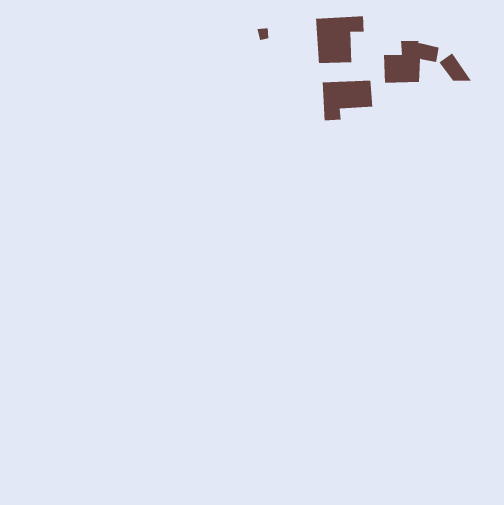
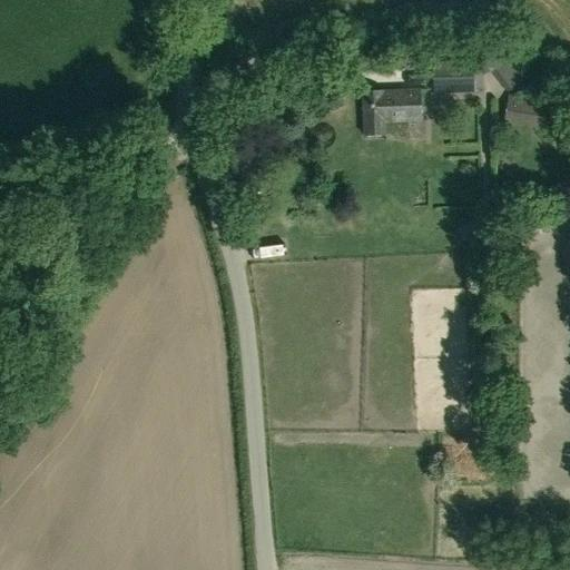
building: [316,16,364,64] -> none
building: none -> [507,99,541,127]

